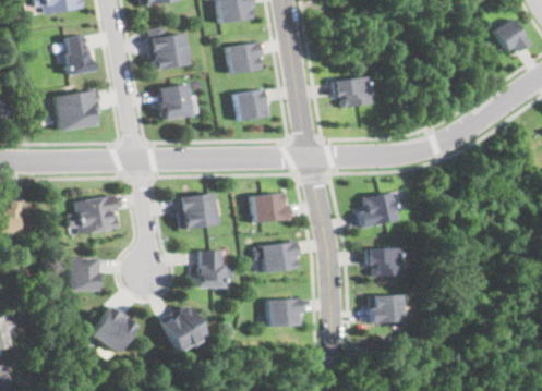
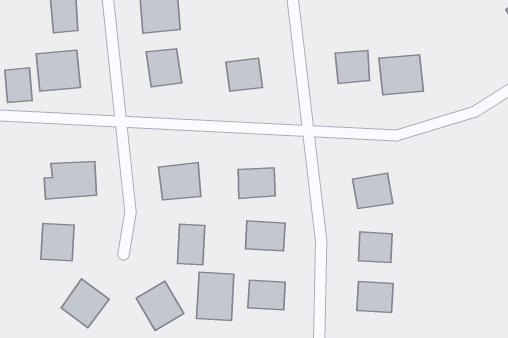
building: [227,44,263,75] -> none
building: none -> [379,55,424,95]
building: none -> [5,68,32,103]
building: none -> [197,272,234,321]

